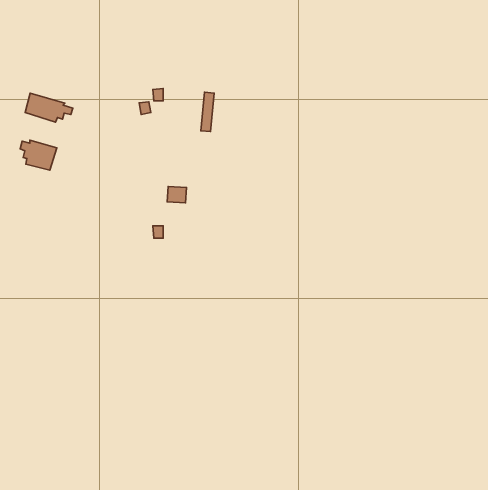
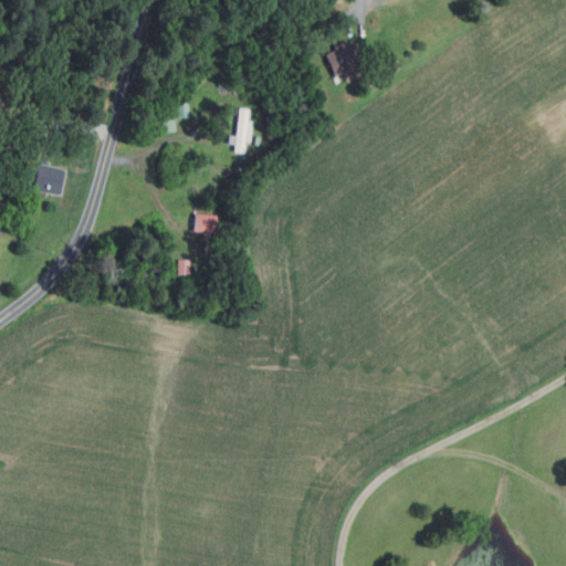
building: none -> [325,41,364,76]
building: [25,93,73,122] -> none

